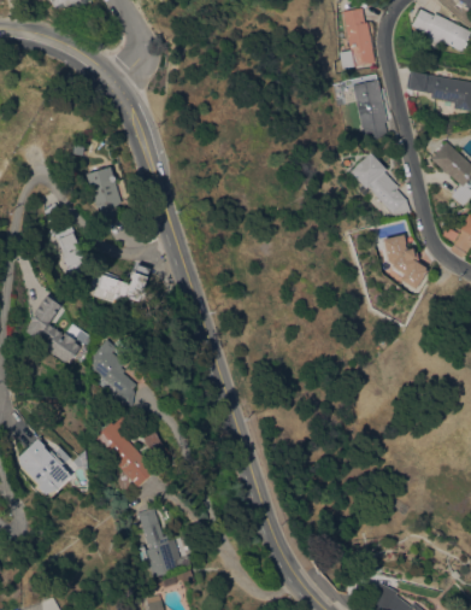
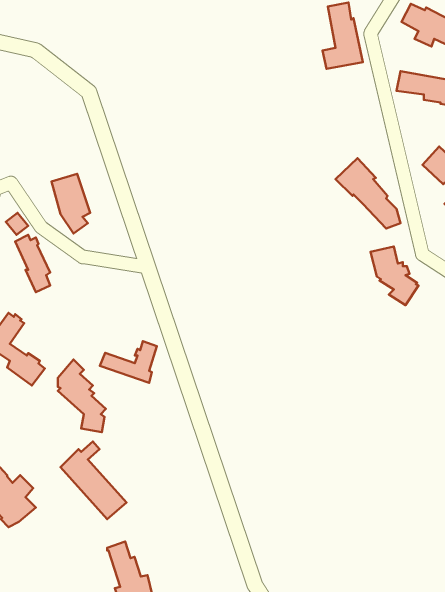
building: [352,80,387,139] -> none
building: [96,264,149,303] -> [100,341,157,383]

